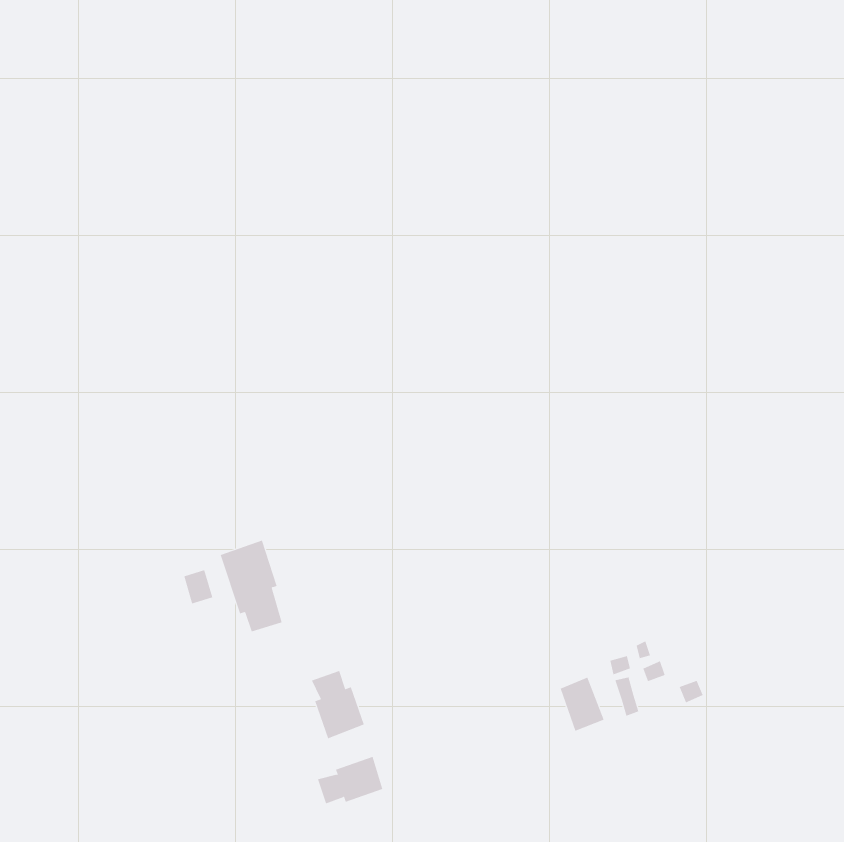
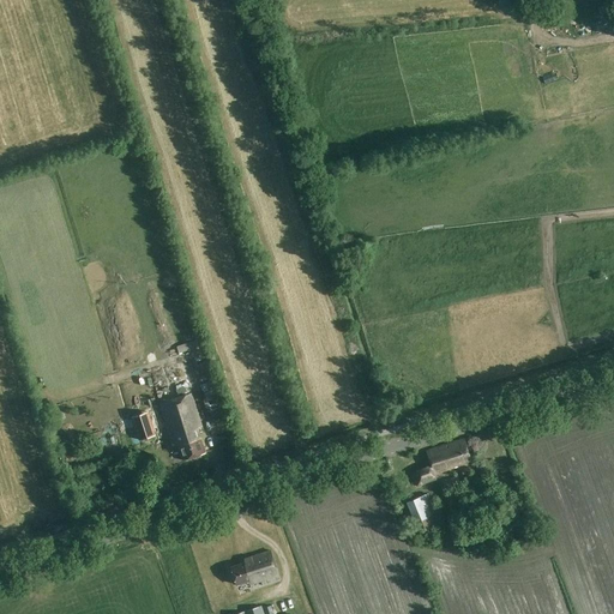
building: none -> [413,438,472,488]
building: [311,670,365,739] -> none

